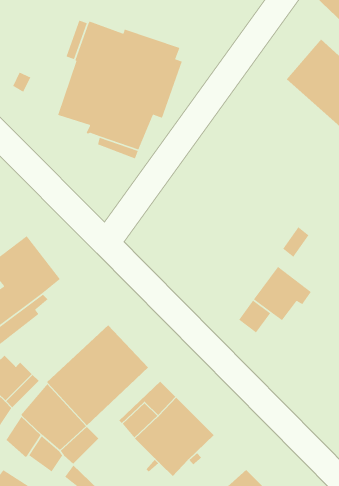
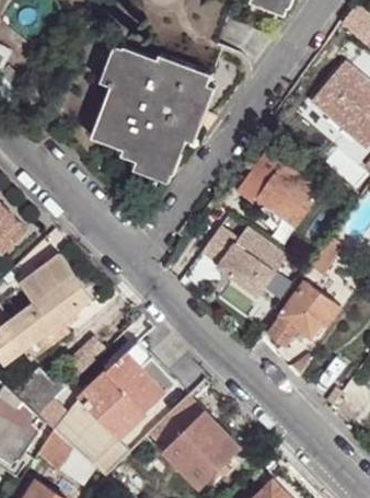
building: none -> [238,154,320,228]
building: none -> [199,228,288,299]

